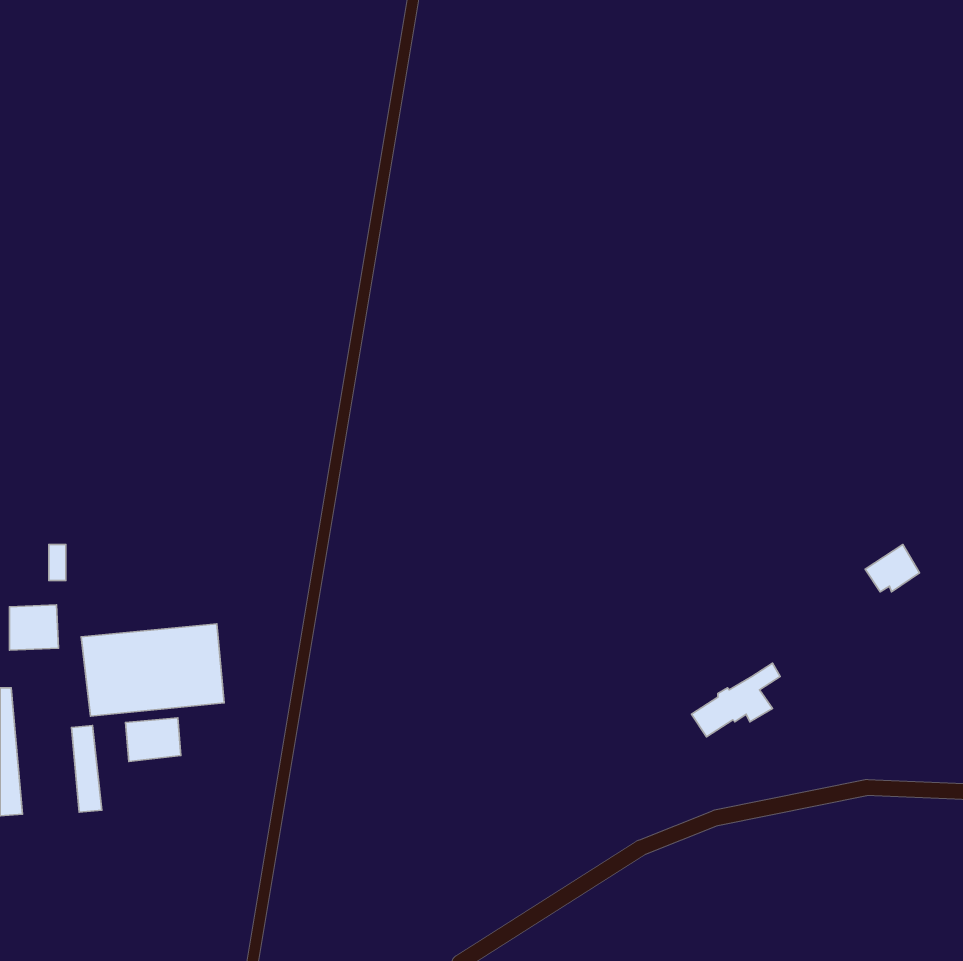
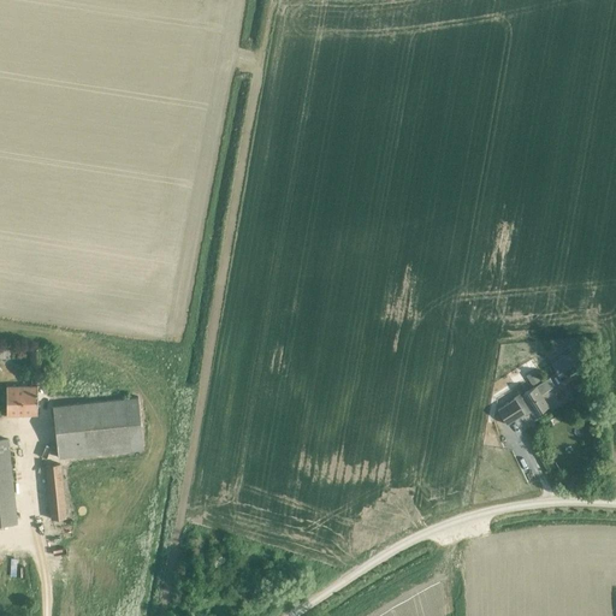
building: [692,663,780,737] -> [497,379,553,426]
building: [125,718,181,762] -> none

